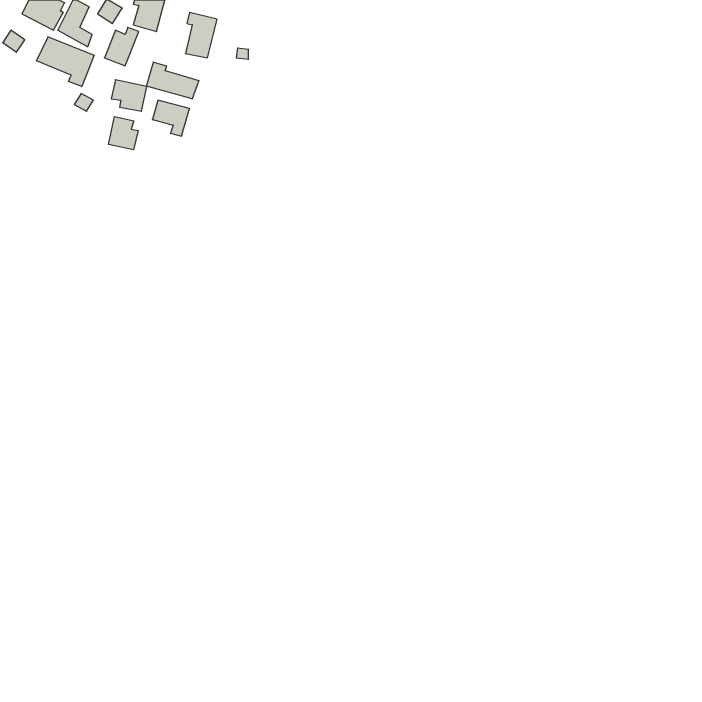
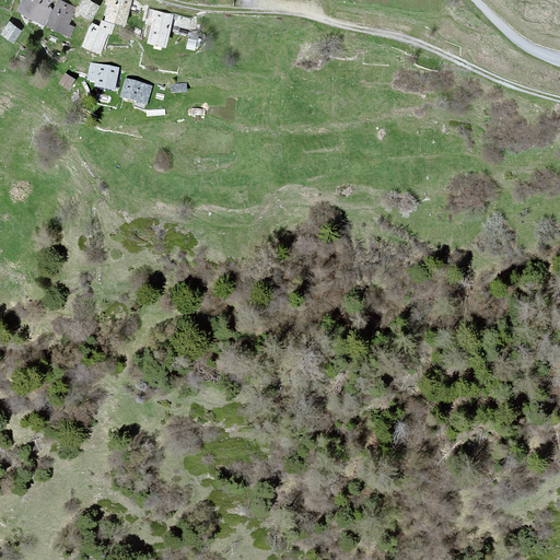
building: [37,37,94,87] -> none
building: [147,62,199,99] -> none
building: [108,117,138,150] -> none

